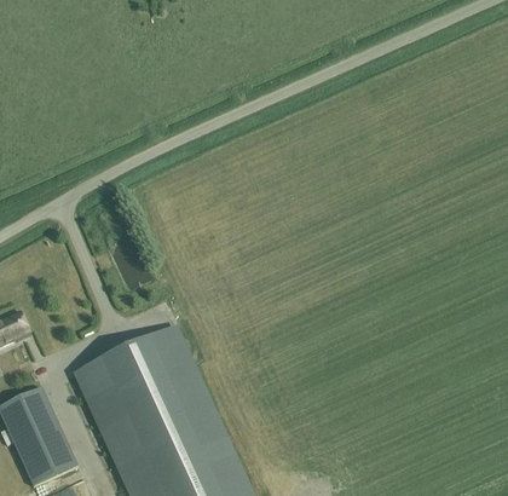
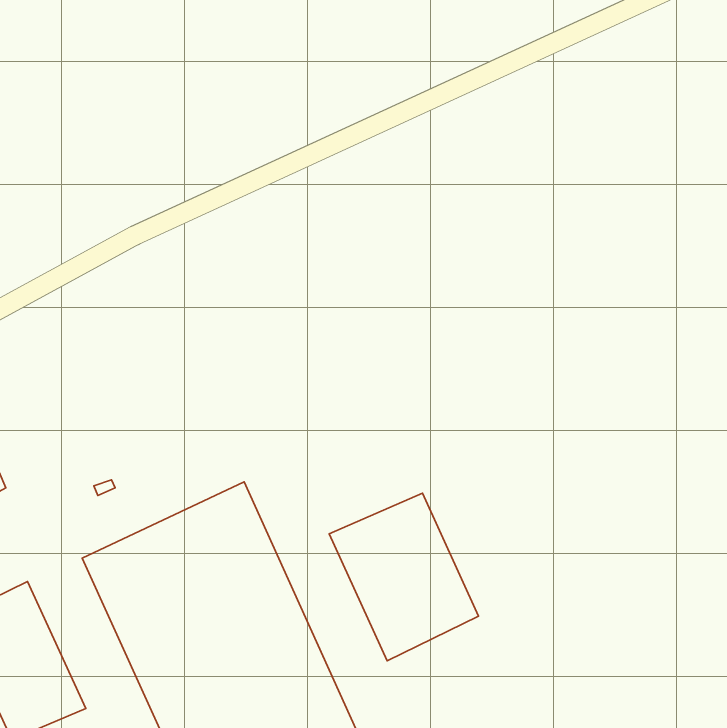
building: none -> [329,493,479,661]

